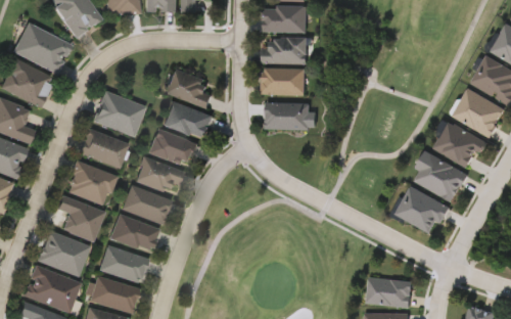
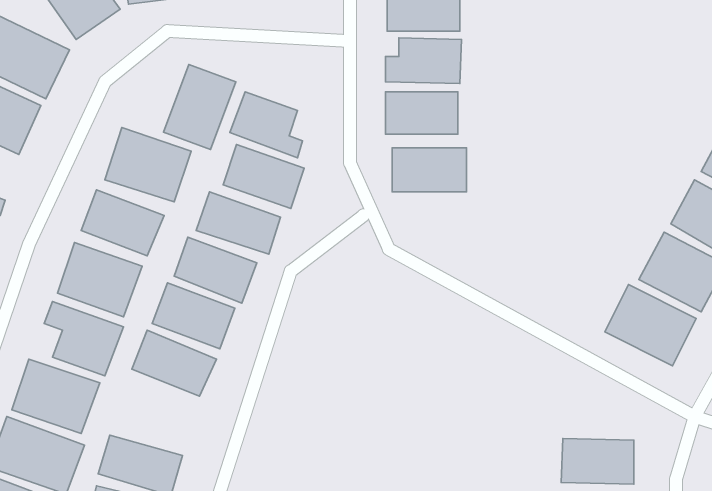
building: none -> [163,64,236,150]
building: [98,245,147,281] -> none

